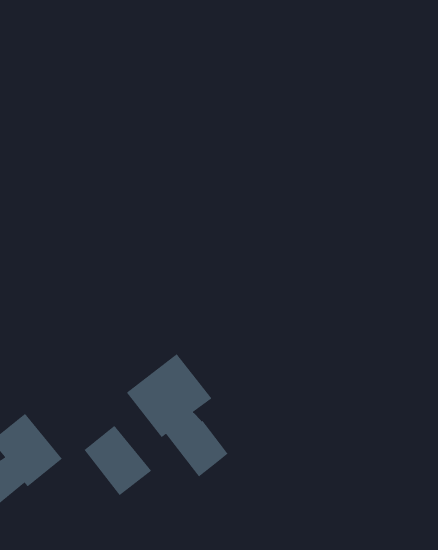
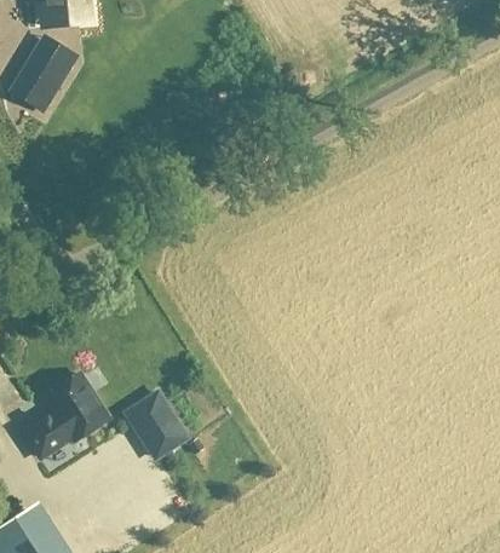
building: [126,353,229,478] -> none

